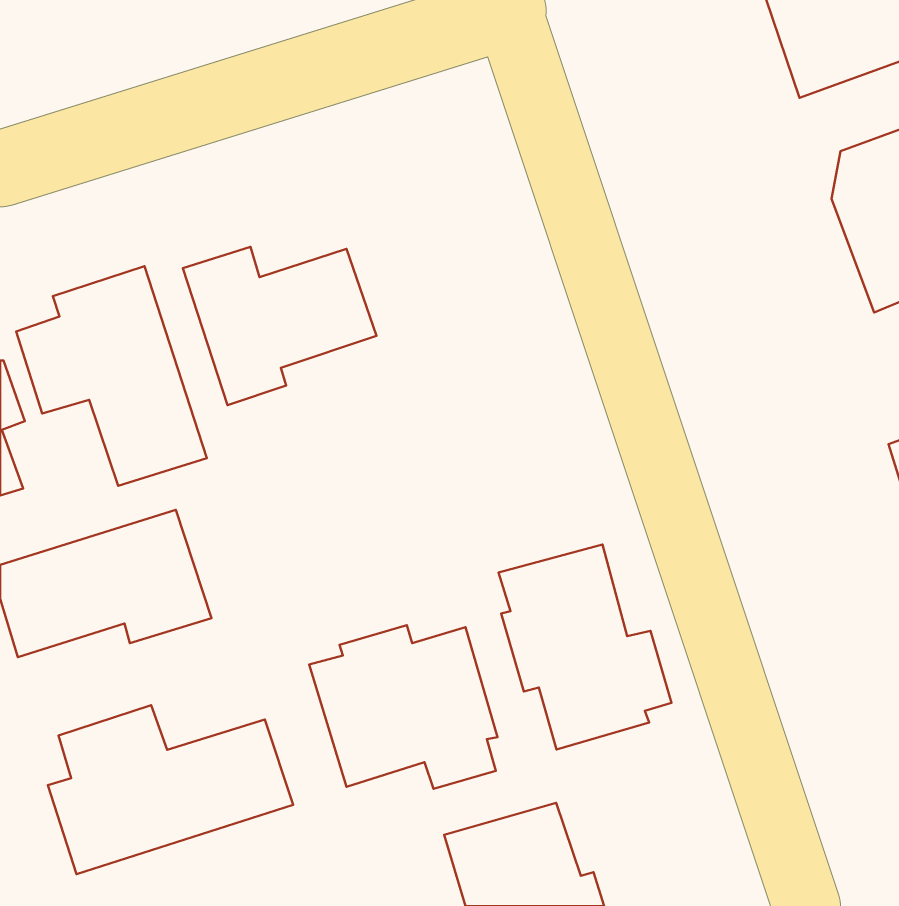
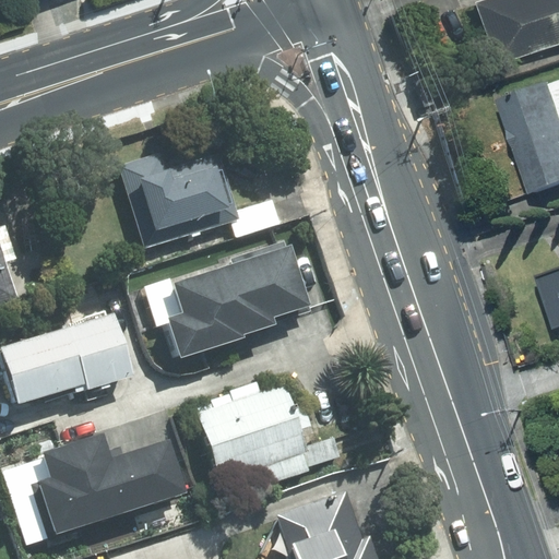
building: [16,266,207,486] -> none
building: none -> [145,240,308,357]
building: [498,544,671,750] -> none

